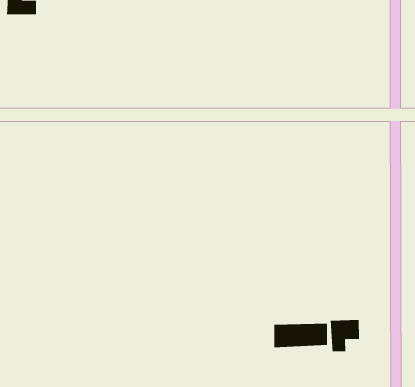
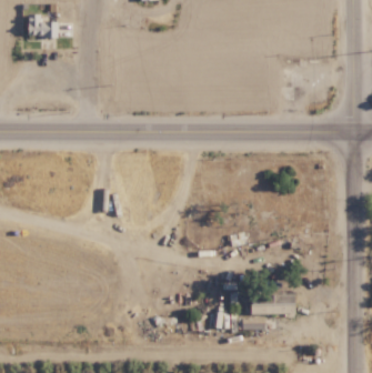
building: [330,319,360,352] -> none

